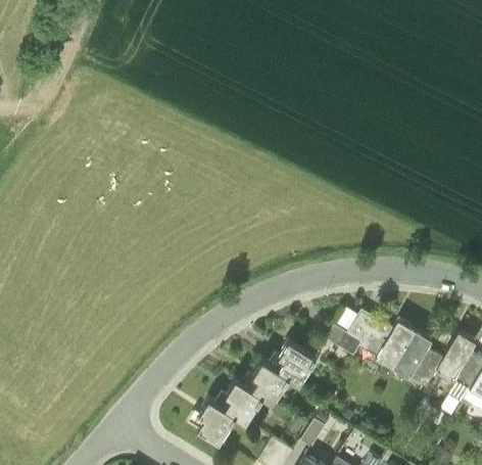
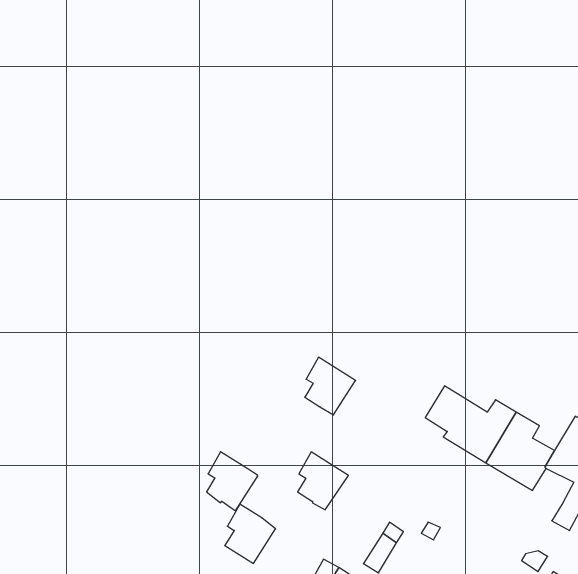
building: [325,328,363,359] -> none
building: [278,341,316,384] -> [305,357,356,415]
building: [225,380,262,424] -> [207,452,258,511]

